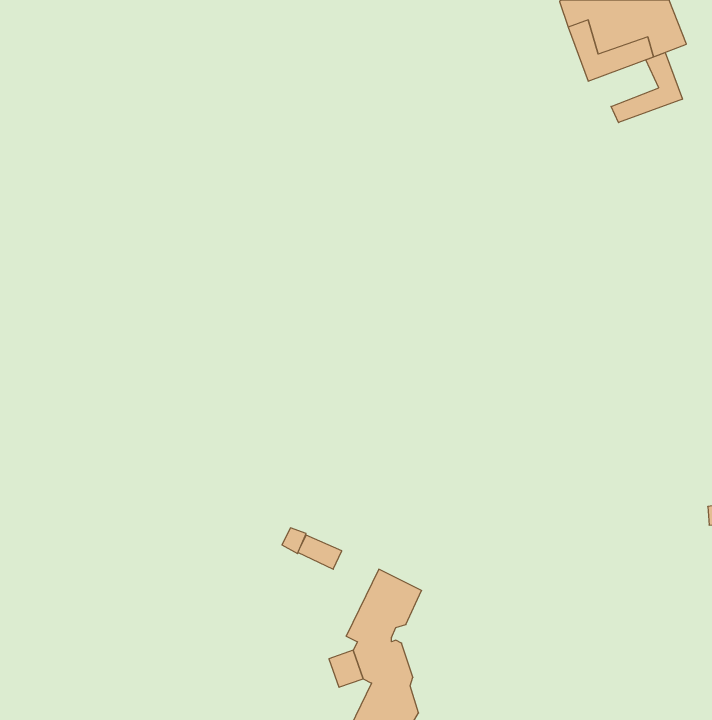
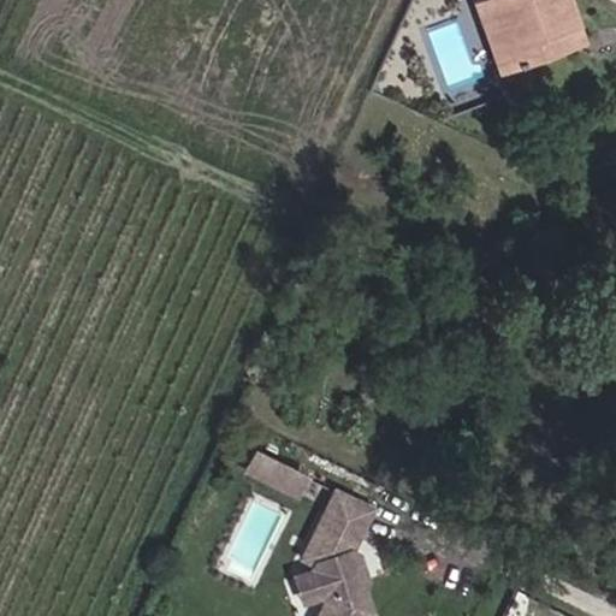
building: [611,53,682,123] -> none

